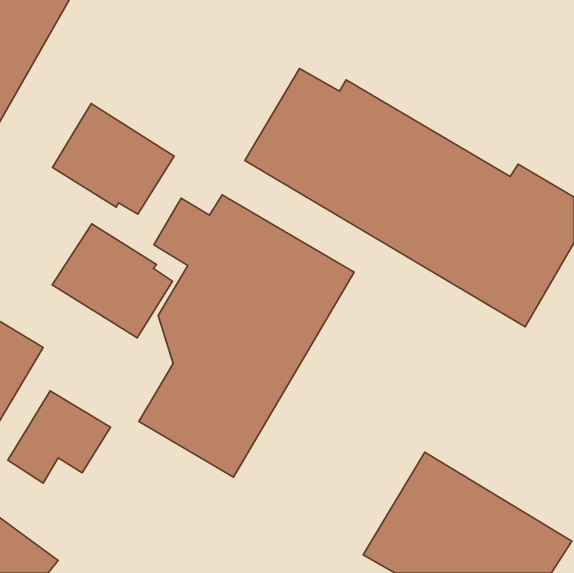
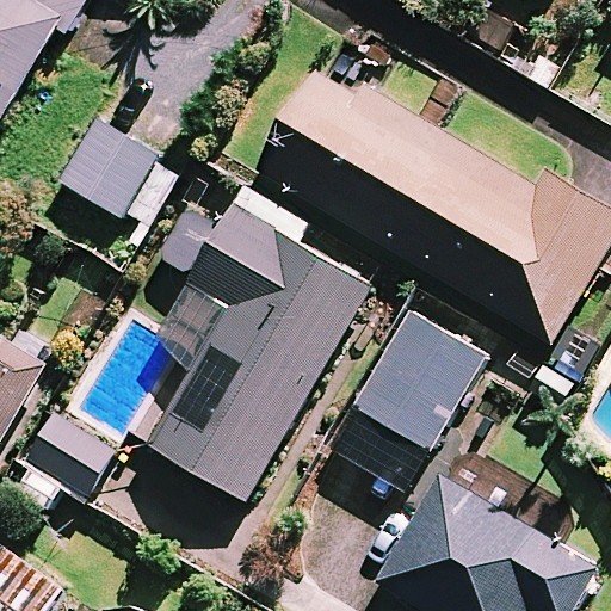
building: [52,224,173,338] -> none
building: none -> [328,310,485,502]

